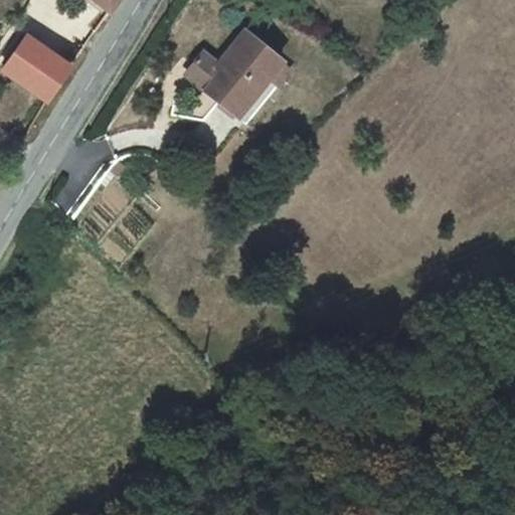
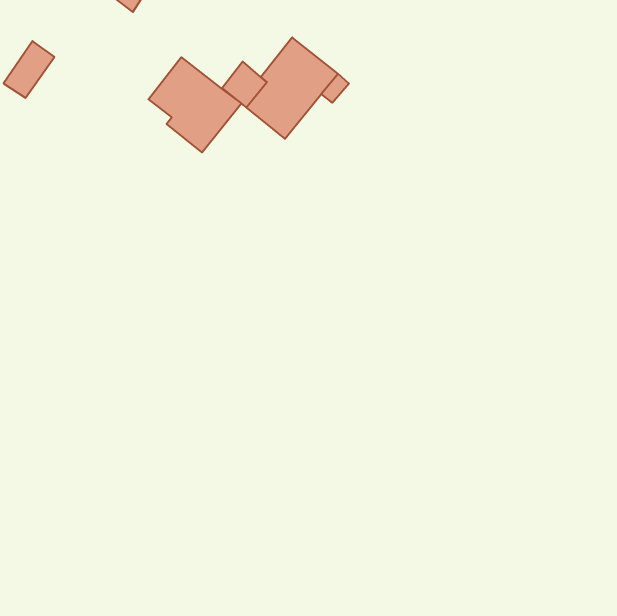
building: [21,47,70,100] -> none
building: none -> [148,57,241,152]

